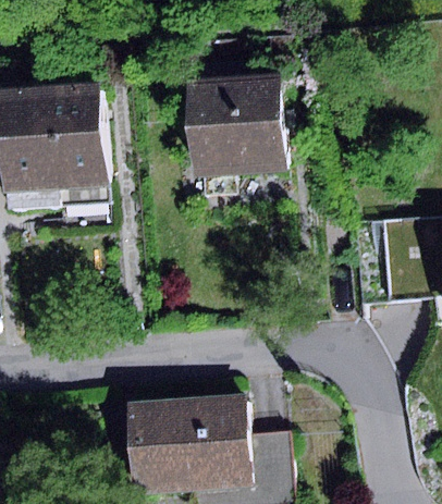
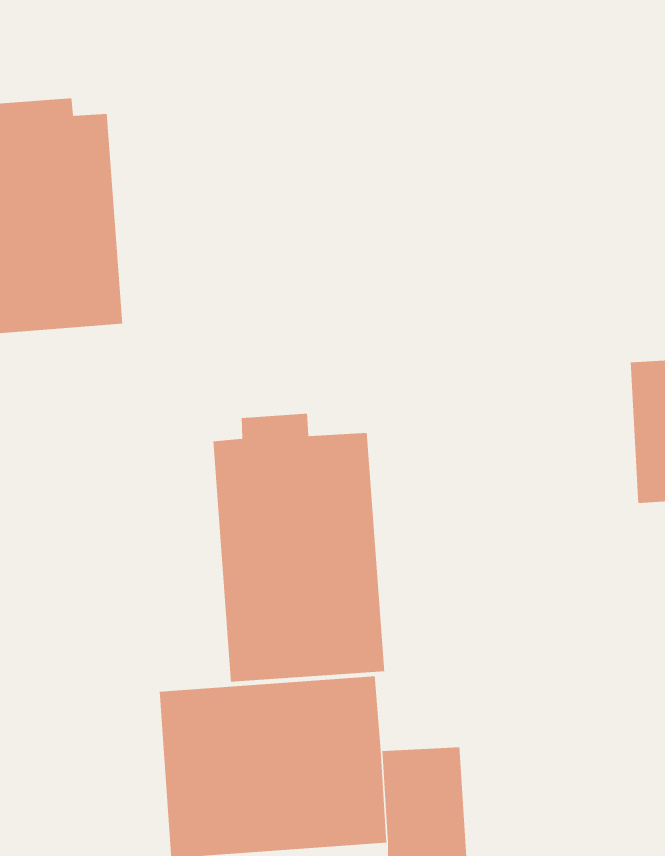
building: [180,81,287,180] -> none
building: none -> [213,413,385,682]

